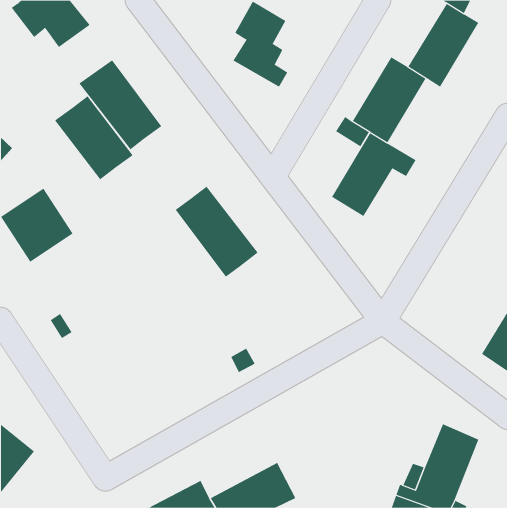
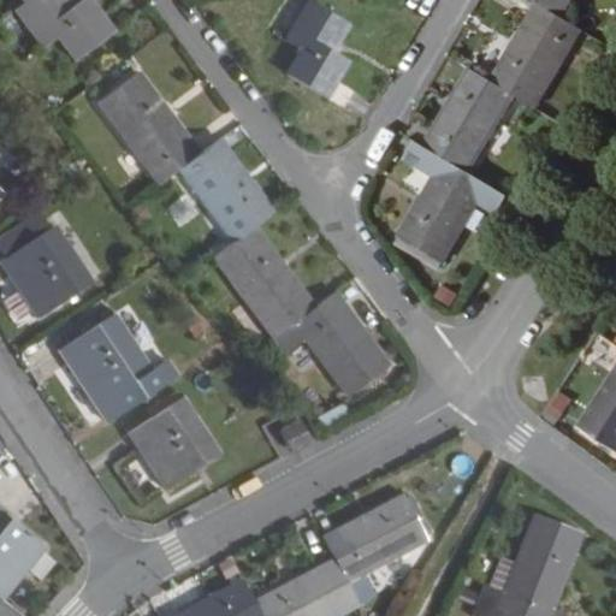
building: [54,96,134,180] -> [176,138,272,241]
building: none -> [292,292,387,393]
building: none -> [59,314,174,422]
building: none -> [128,396,218,488]
building: none -> [325,497,426,603]

